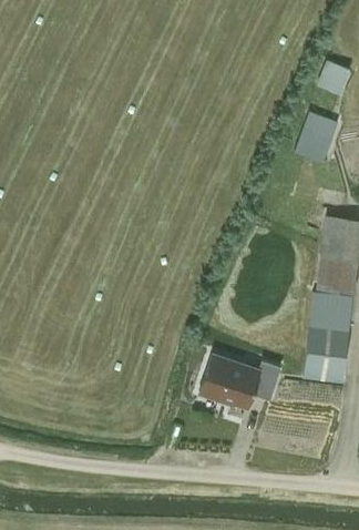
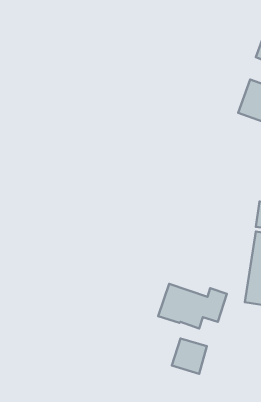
building: none -> [172,338,207,374]

